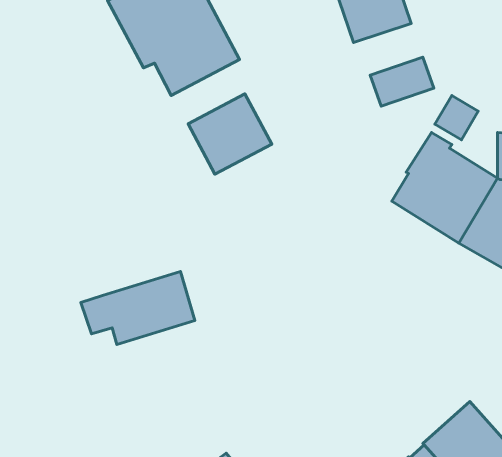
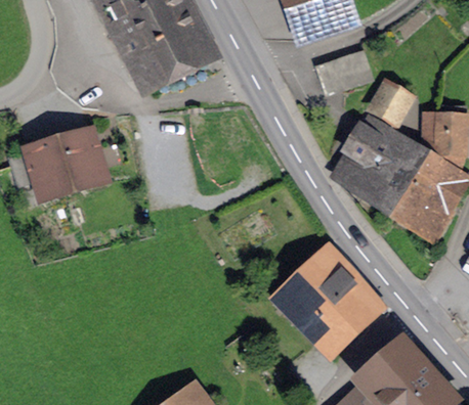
building: [188,94,272,174] -> none
building: [81,271,195,345] -> [11,133,109,195]
building: none -> [273,250,377,354]

